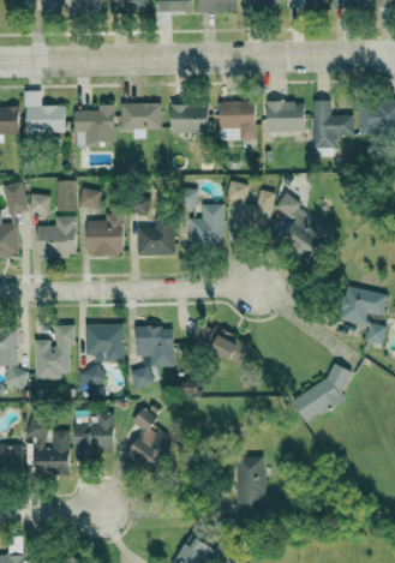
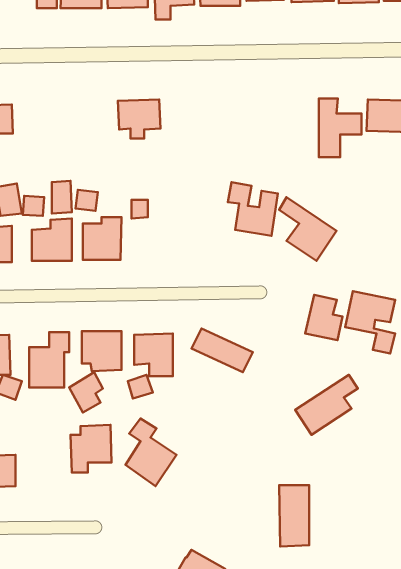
building: [24,91,66,133] -> none
building: [219,101,256,140] -> none
building: [265,101,304,132] -> none
building: [74,104,115,146] -> none
building: [170,104,209,133] -> none
building: [188,204,223,248] -> none
building: [137,218,175,256] -> none
building: none -> [305,295,342,340]
building: [28,419,68,475] -> none
building: [235,457,264,516] -> [279,485,309,546]

